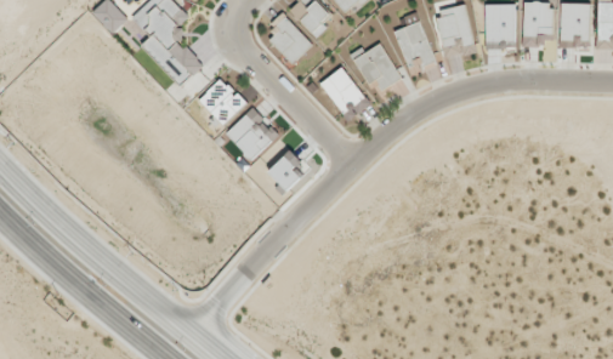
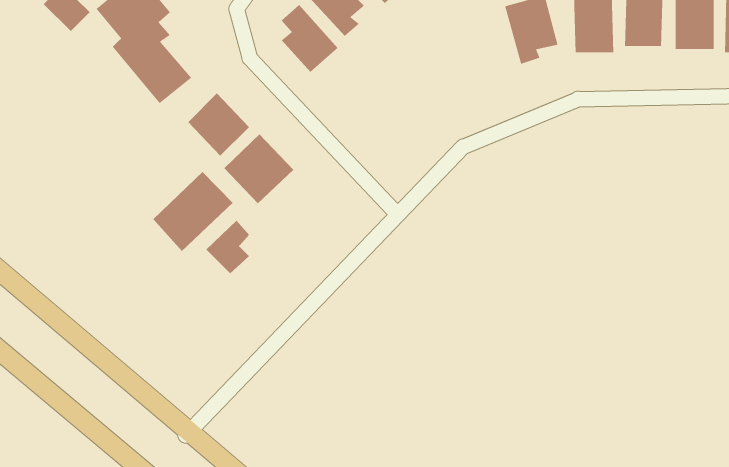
building: [396,22,433,68] -> none
building: [351,42,401,92] -> none
building: [320,67,369,119] -> none
building: none -> [152,171,234,252]
building: [268,149,301,189] -> [205,220,250,274]

